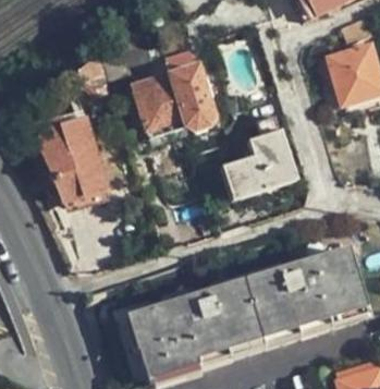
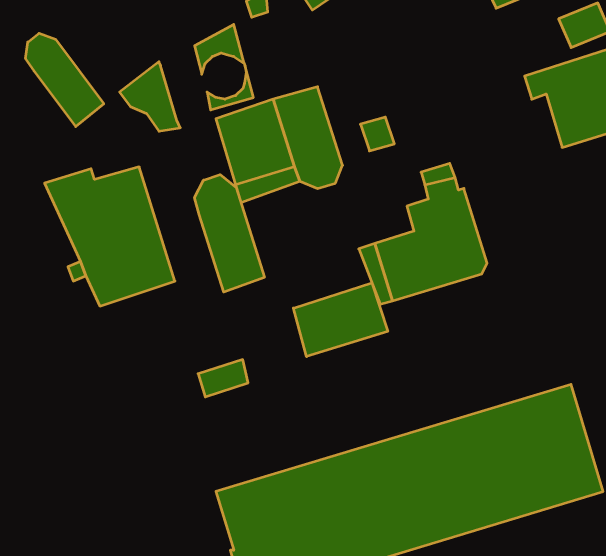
building: none -> [26,33,104,127]
building: none -> [195,175,264,292]
building: none -> [293,283,388,357]

